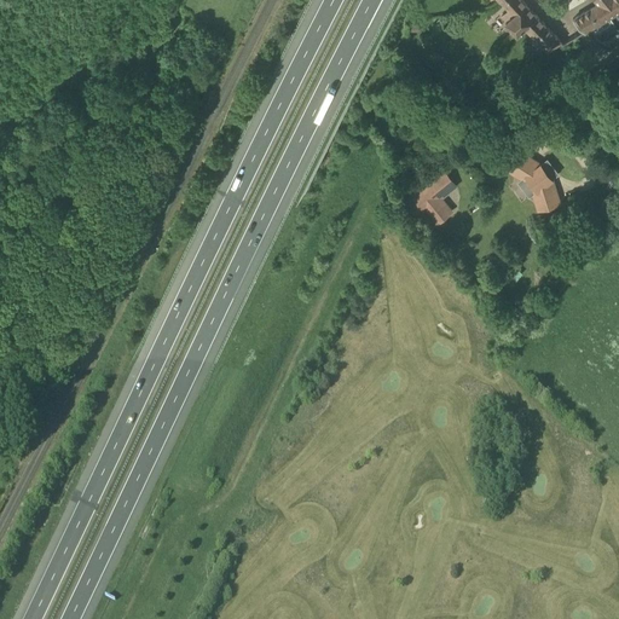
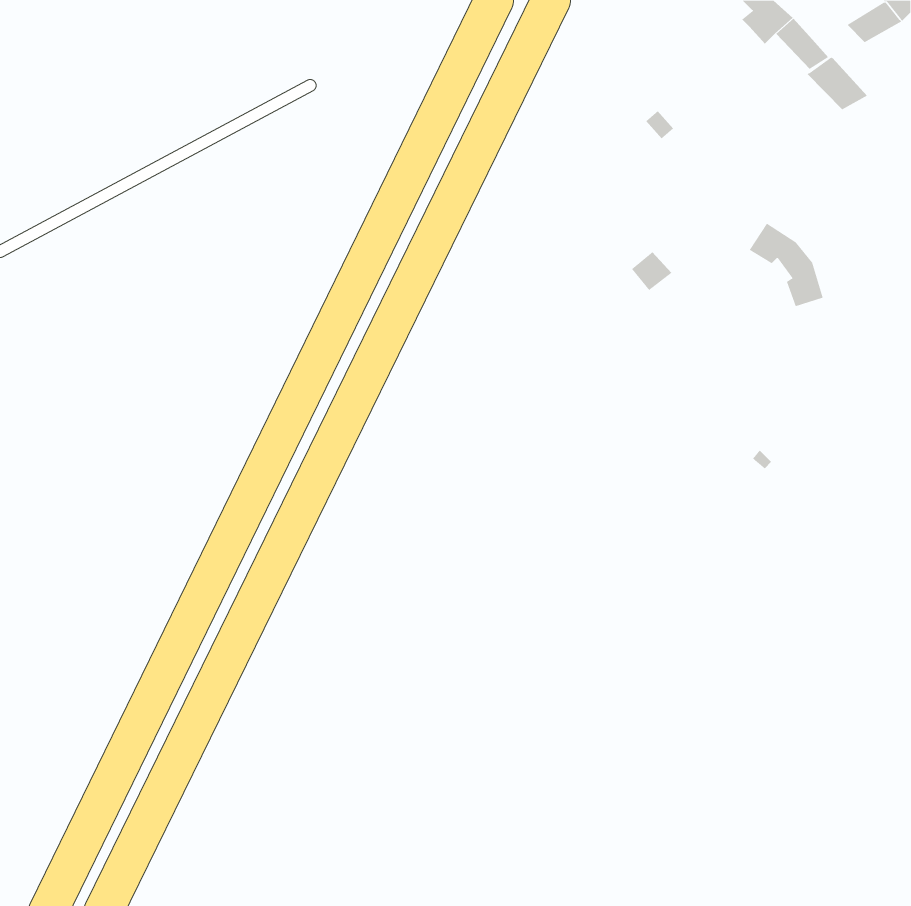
building: none -> [807,57,868,110]
building: [412,186,452,228] -> none

